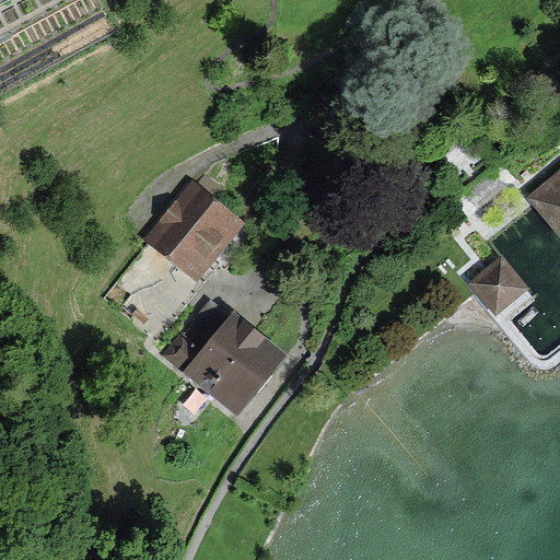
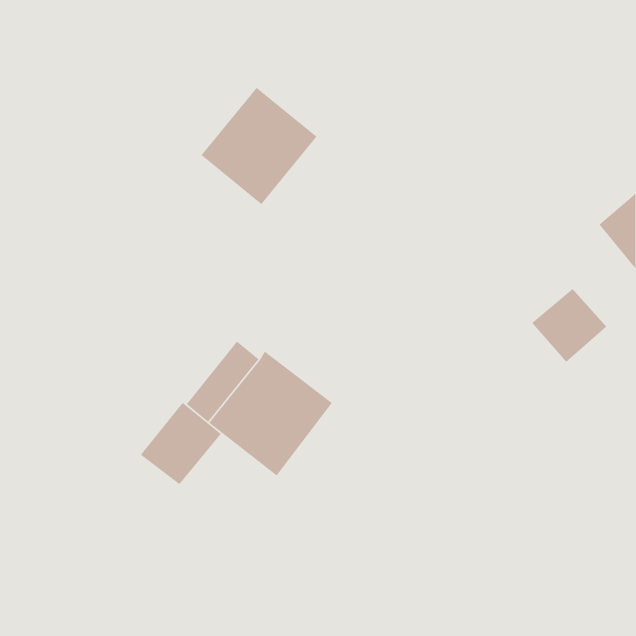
building: [142,180,245,284] -> [200,87,318,205]
building: none -> [140,402,222,485]

